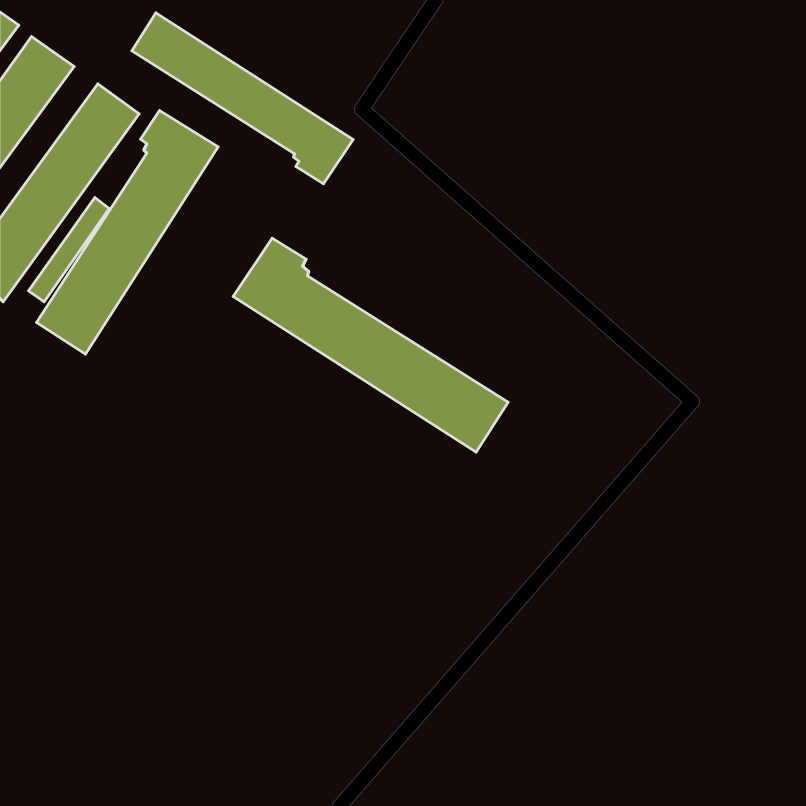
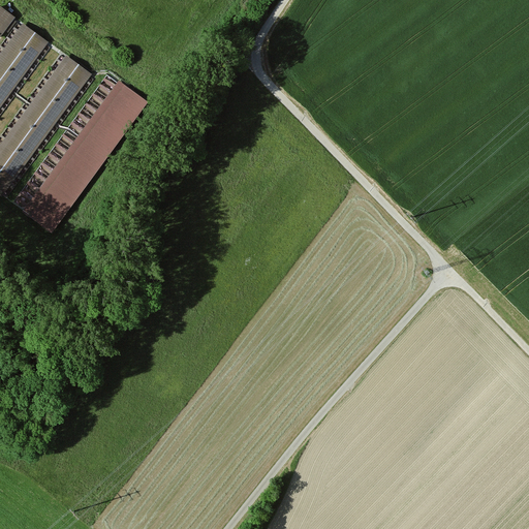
building: [132,13,353,184] -> none
building: [233,238,508,452] -> none

